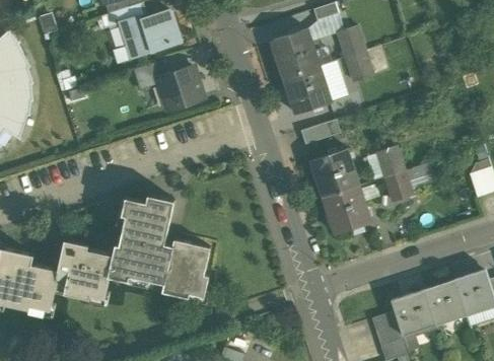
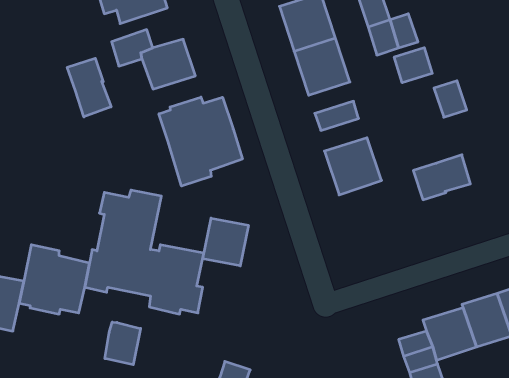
building: none -> [394,48,432,83]
building: none -> [67,58,111,117]
building: none -> [159,97,242,186]
building: [375,147,403,177] -> [434,81,467,117]
building: [322,185,378,234] -> none
building: none -> [203,218,248,266]
building: none -> [105,322,141,365]

